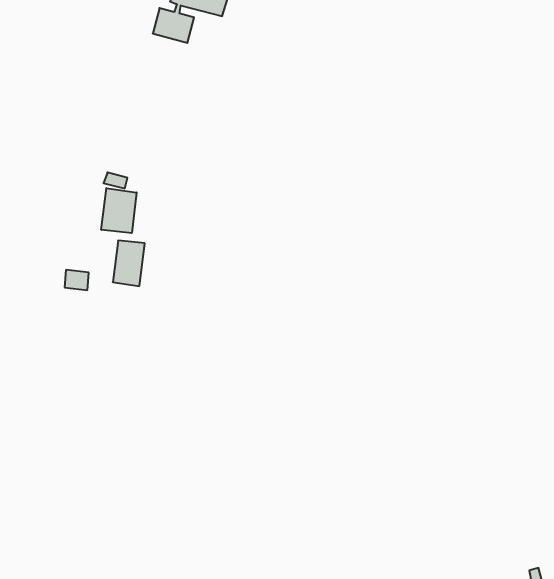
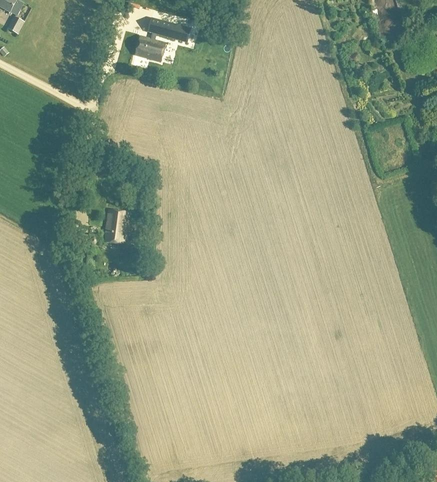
building: [101,188,137,233] -> none

